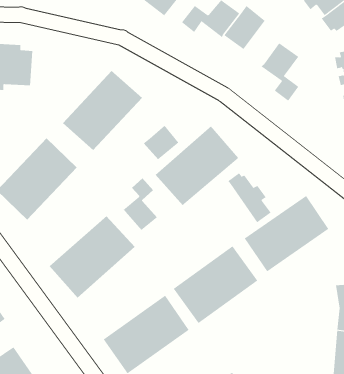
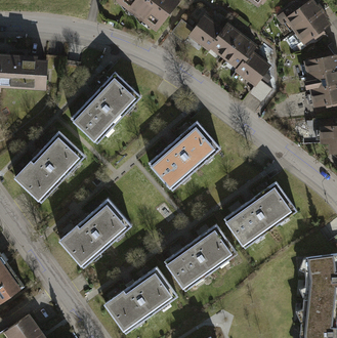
building: none -> [224,33,259,70]
building: [143,125,179,160] -> none
building: [228,172,271,223] -> none
building: [122,178,158,231] -> none

